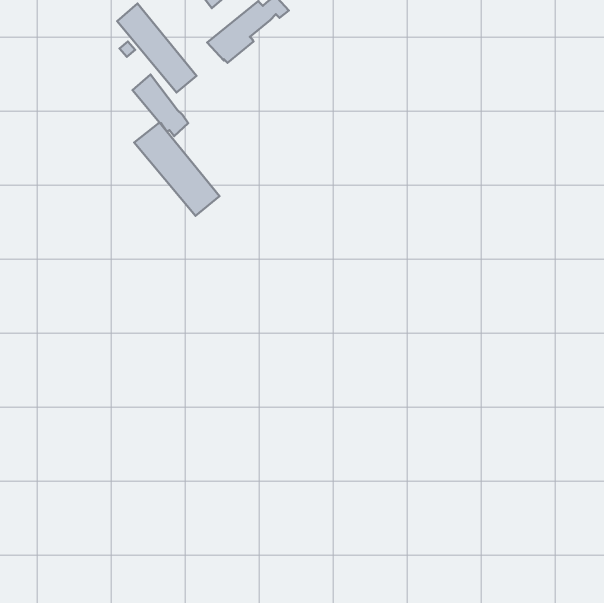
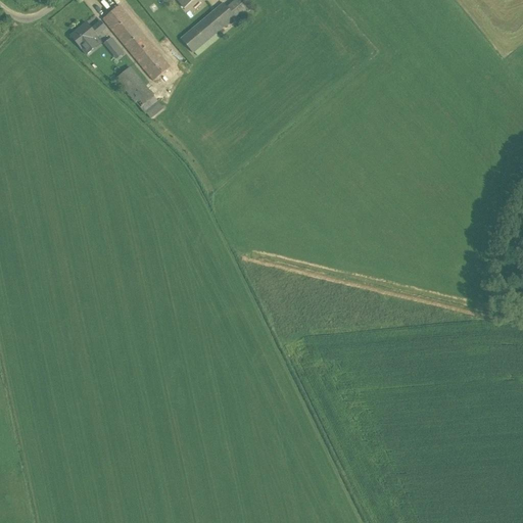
building: none -> [69,18,106,47]
building: [134,123,219,216] -> none

